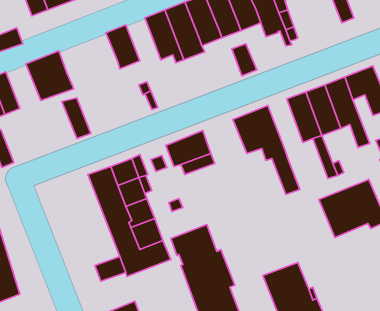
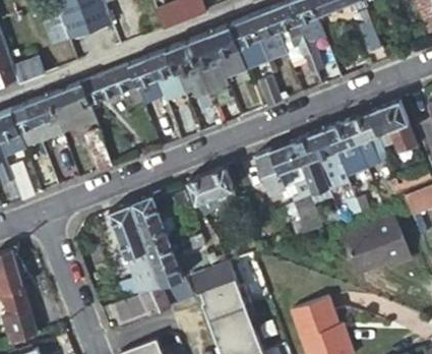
building: none -> [147,50,183,100]
building: none -> [79,65,139,106]
building: none -> [25,97,61,142]
building: none -> [292,132,330,193]

